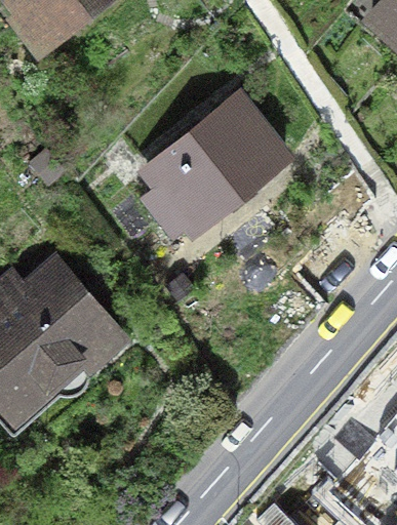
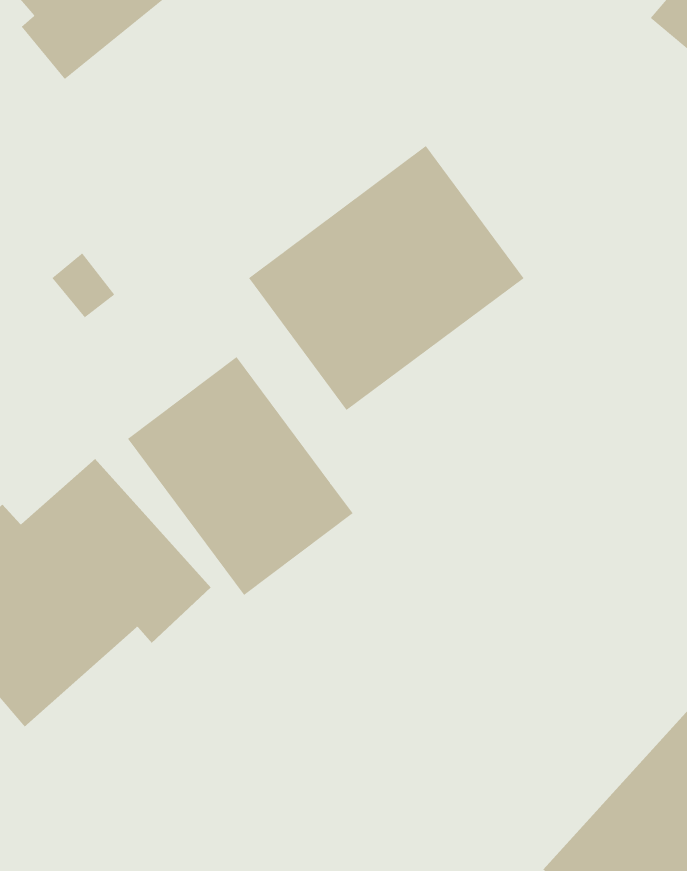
building: none -> [127,356,353,596]

